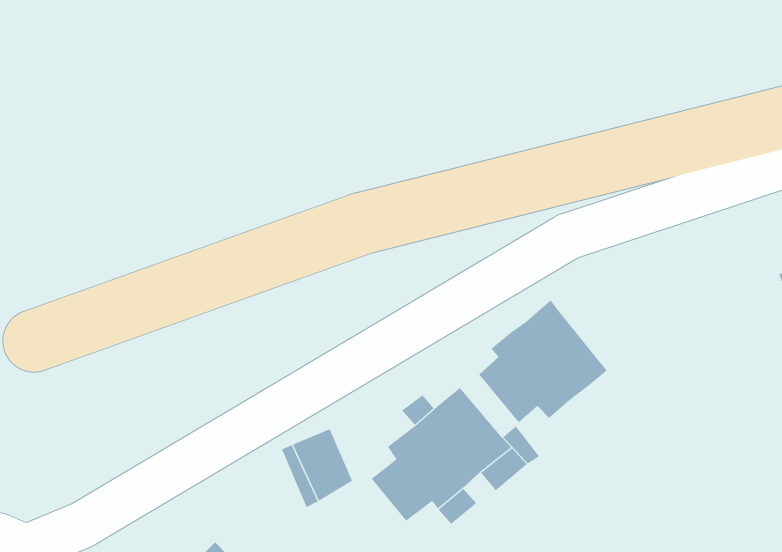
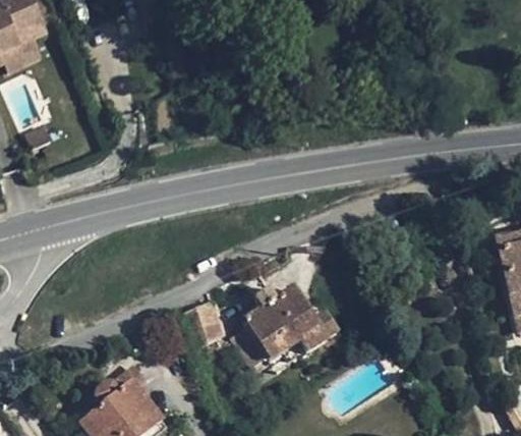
building: [479,300,608,423] -> none

